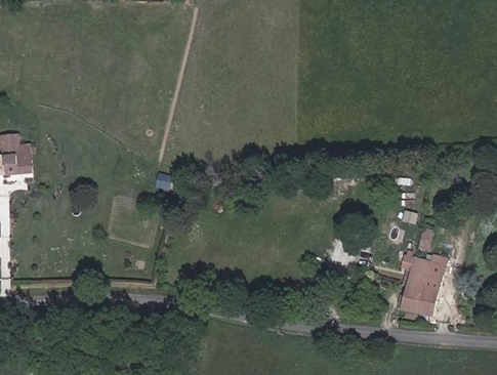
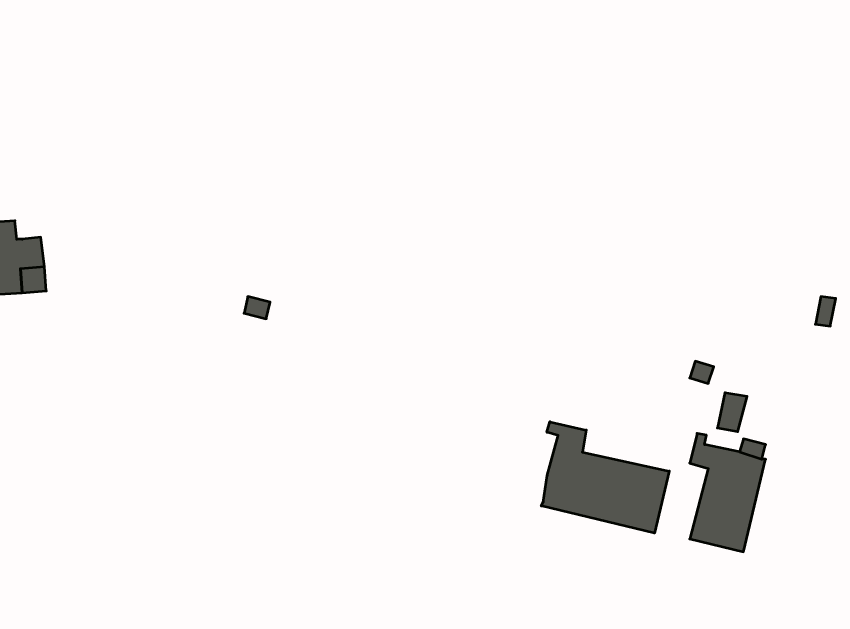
building: none -> [541,422,669,533]

